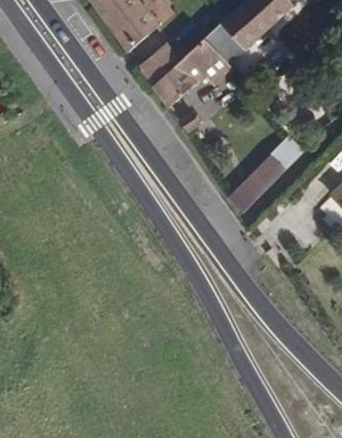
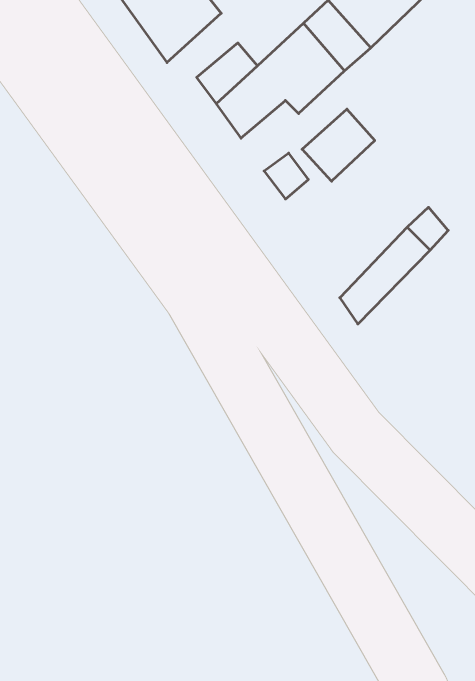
building: none -> [302,109,375,181]

